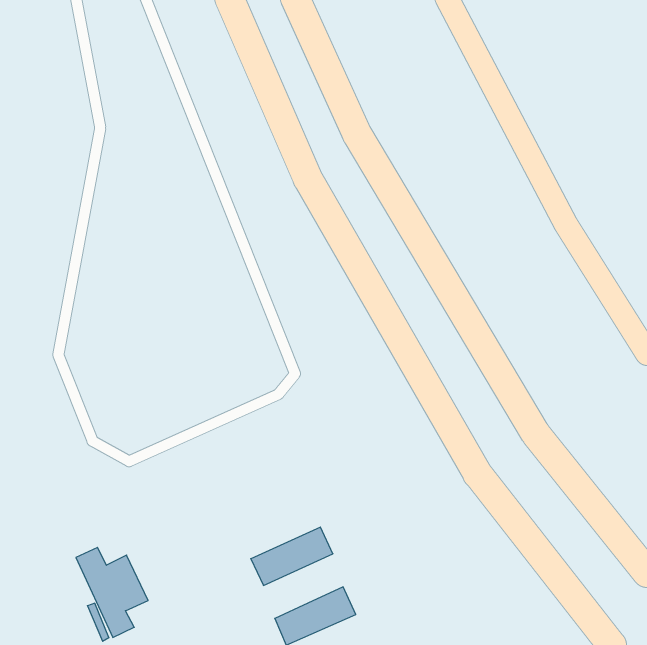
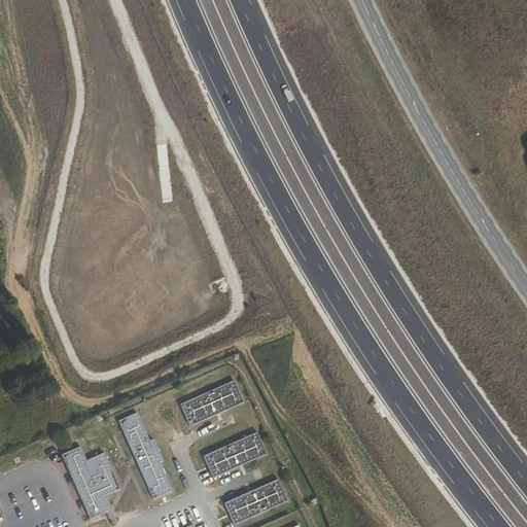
building: none -> [179,379,243,426]
building: none -> [117,412,170,498]

